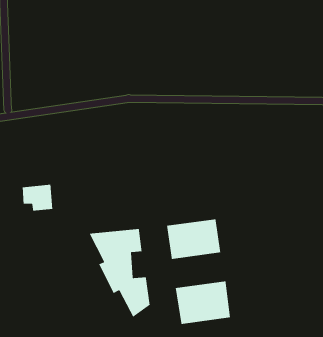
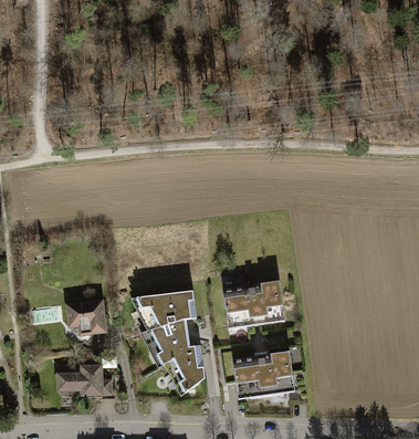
building: [22,184,53,211] -> [67,301,103,332]
building: none -> [57,367,108,393]

